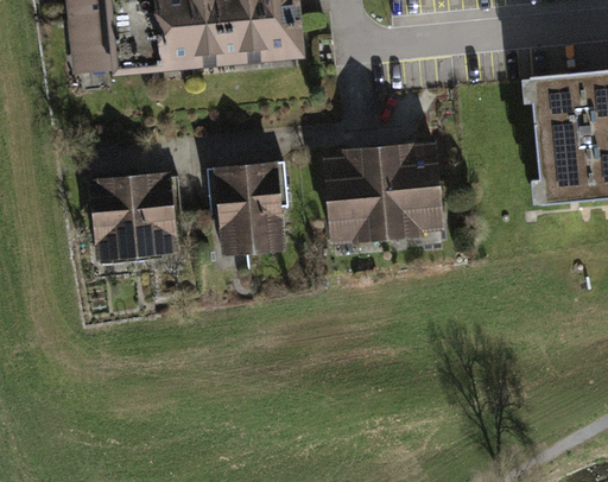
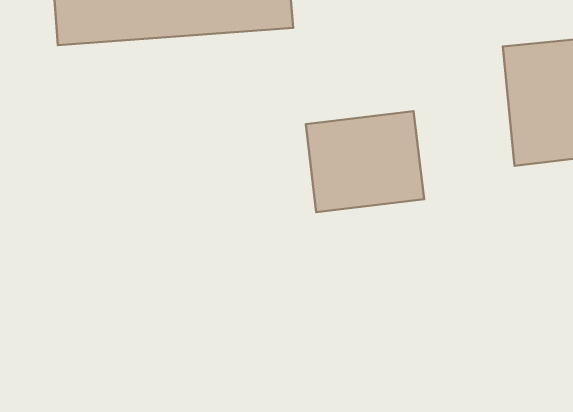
building: [213,161,286,254] -> none
building: [89,172,177,260] -> none

